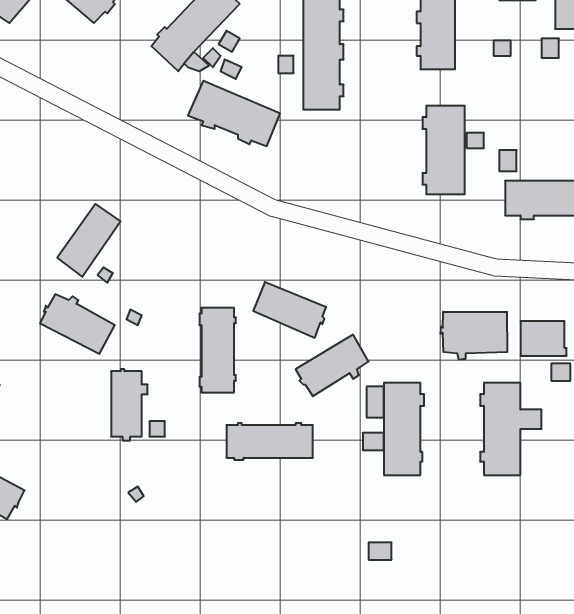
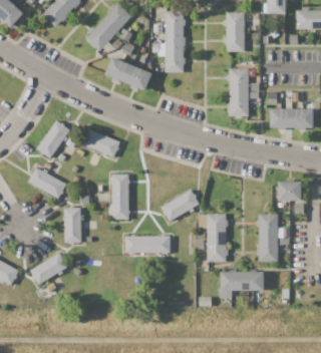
building: [253,282,326,338] -> [81,128,119,157]
building: [440,312,507,360] -> none
building: none -> [29,253,67,284]
building: none -> [219,272,264,296]

